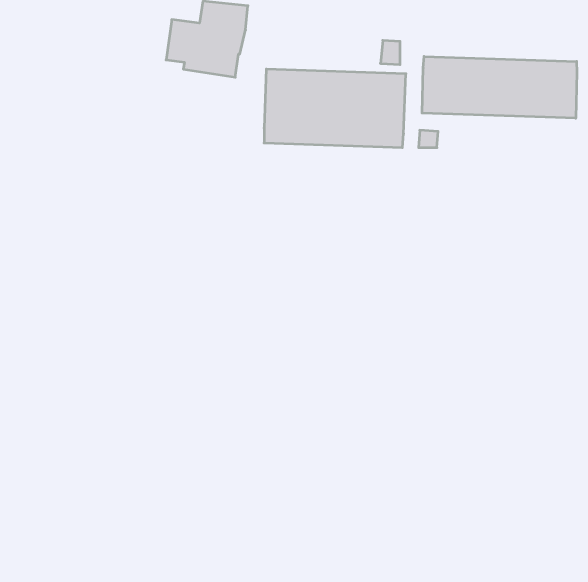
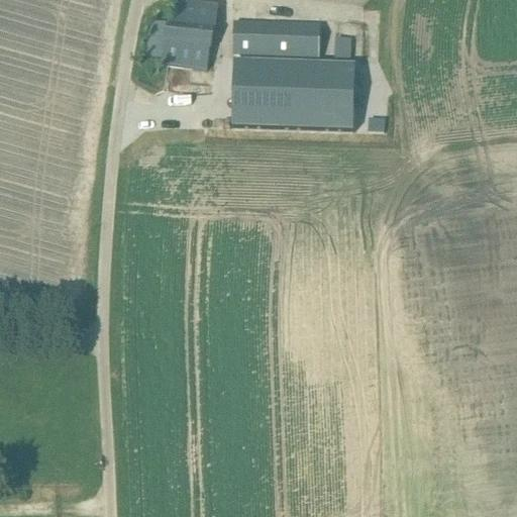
building: none -> [232,20,320,57]
building: [422,56,577,118] -> none

